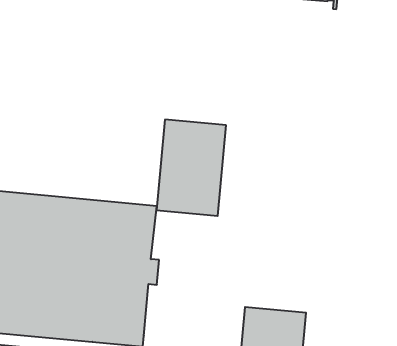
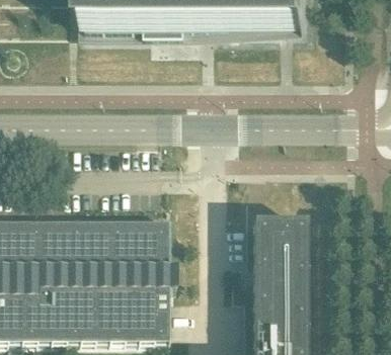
building: [157,120,226,216] -> [252,221,305,299]

